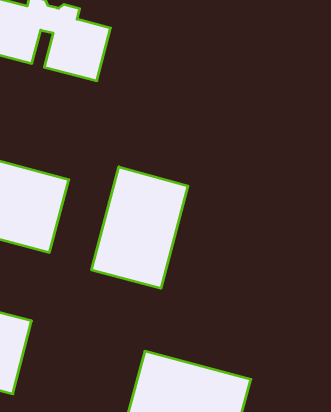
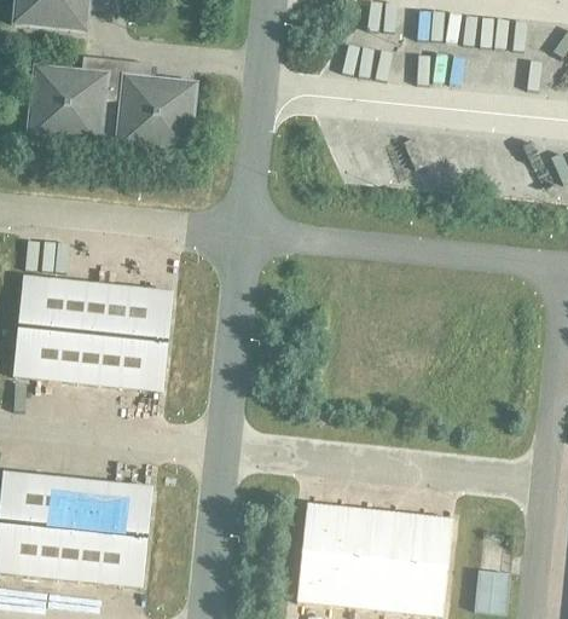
building: [92,167,188,288] -> none

